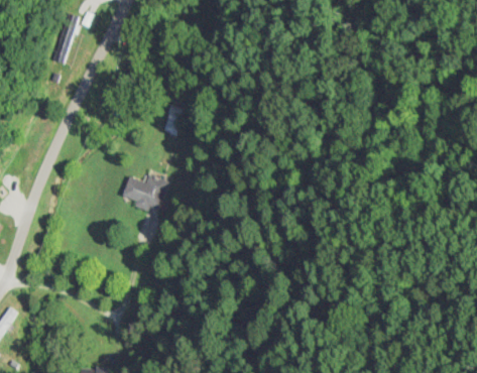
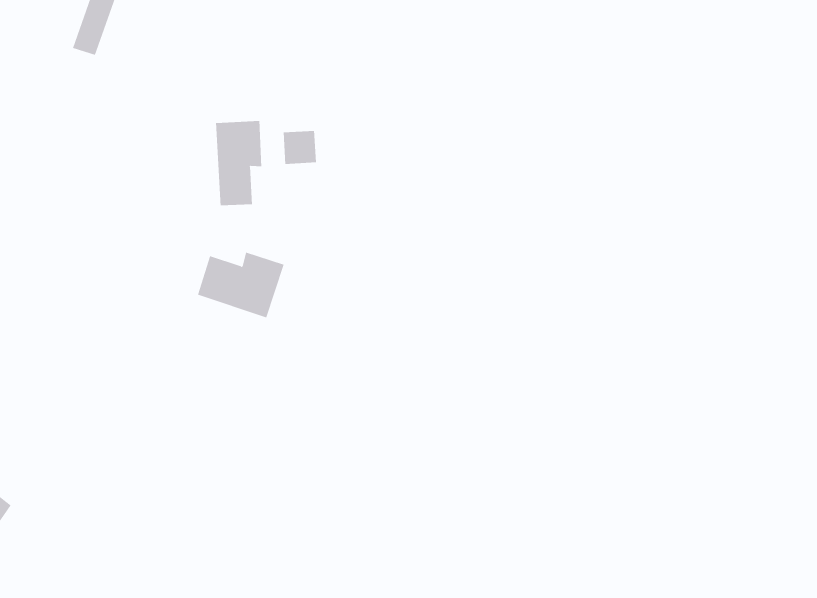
building: none -> [216,120,262,206]

